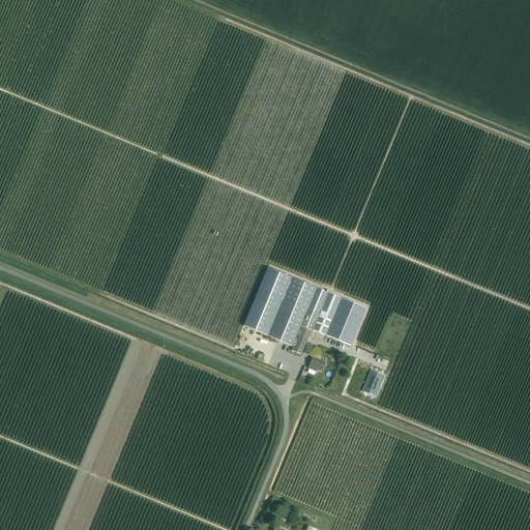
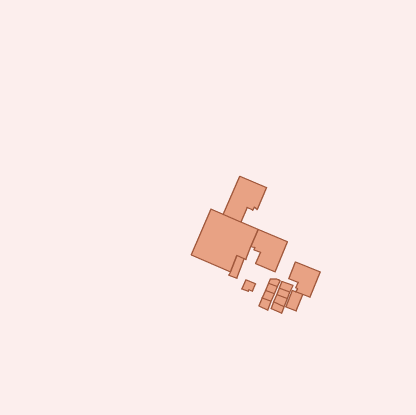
building: none -> [223,176,266,222]
building: none -> [289,262,320,297]

